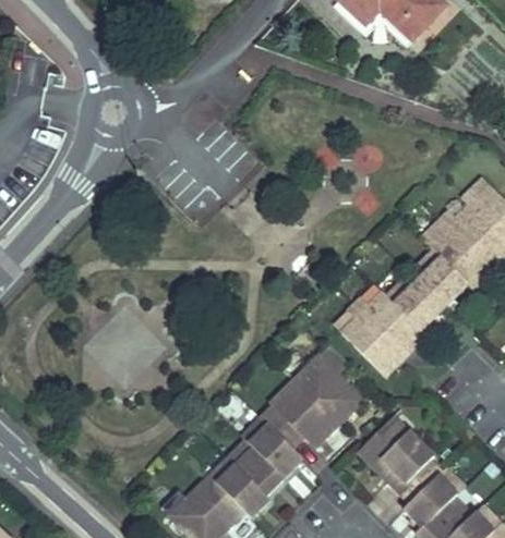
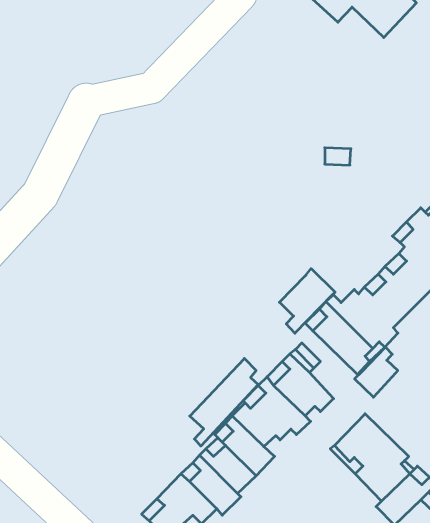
building: none -> [279,269,335,333]
building: none -> [355,347,398,397]
building: none -> [190,358,258,446]

